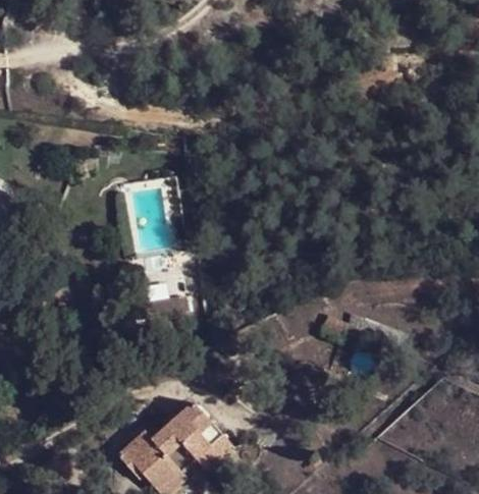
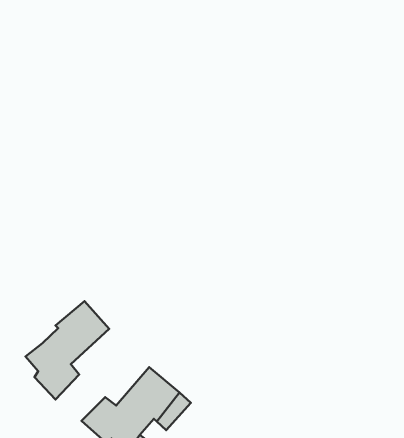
building: none -> [26,301,109,400]

